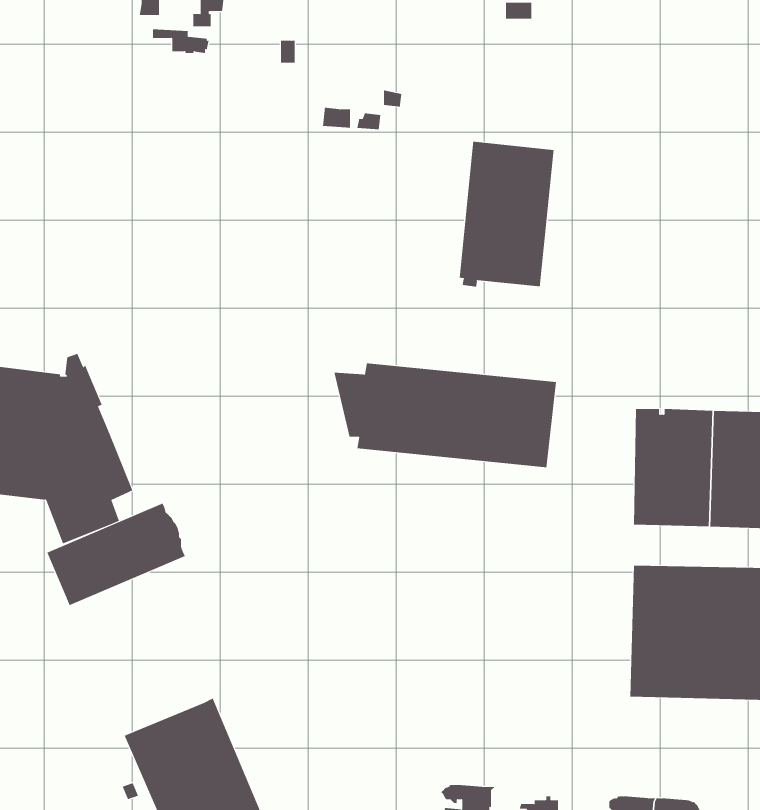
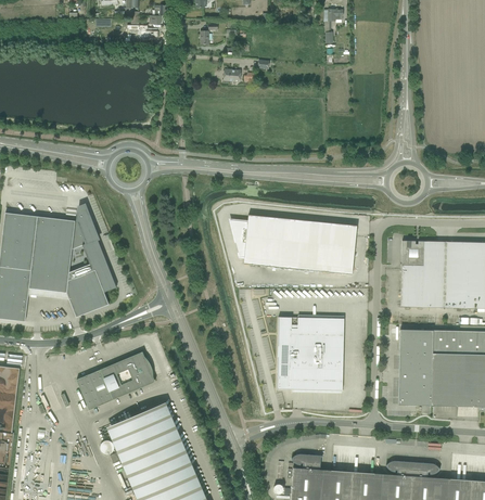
building: [459,141,554,287] -> none
building: [46,503,186,606] -> [76,351,155,410]
building: none -> [277,317,344,390]

